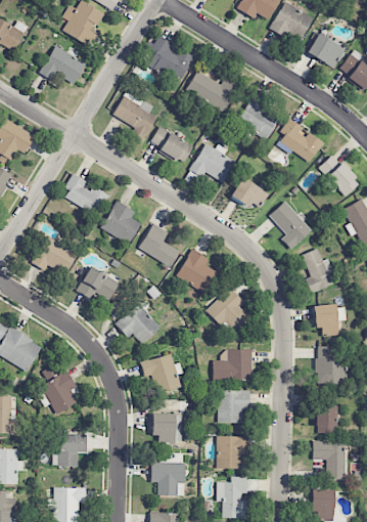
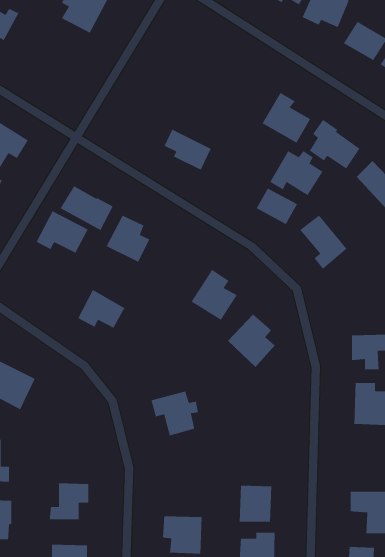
building: [147,37,194,78] -> none
building: [39,45,86,83] -> none
building: [186,71,238,112] -> none
building: [111,90,157,136] -> none
building: [189,142,236,182] -> [269,150,323,196]
building: [138,223,180,266] -> none
building: [32,235,78,273] -> [36,210,89,254]
building: [302,247,333,293] -> none
building: [114,302,160,343] -> none
building: [213,349,251,381] -> none
building: [37,364,78,412] -> none
building: [218,389,250,422] -> none
building: [315,393,337,433] -> none
building: [151,412,181,442] -> none

